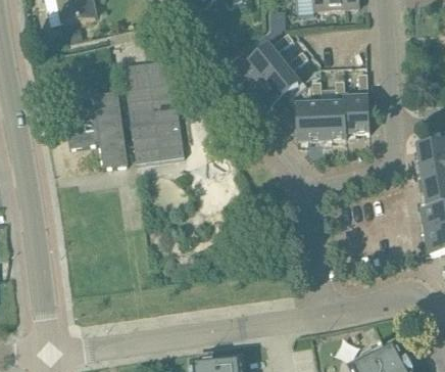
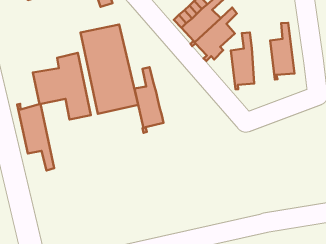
building: [323,79,347,144] -> none
building: none -> [134,67,164,133]
building: none -> [17,104,54,170]

